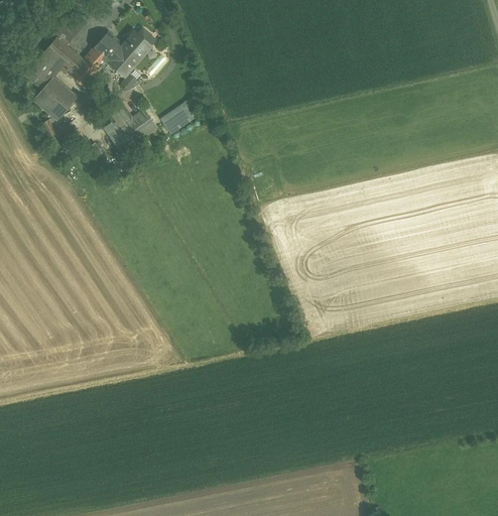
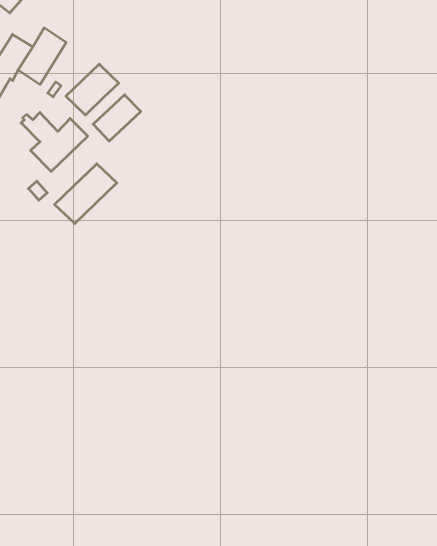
building: none -> [66,64,119,115]
building: none -> [55,164,117,224]

